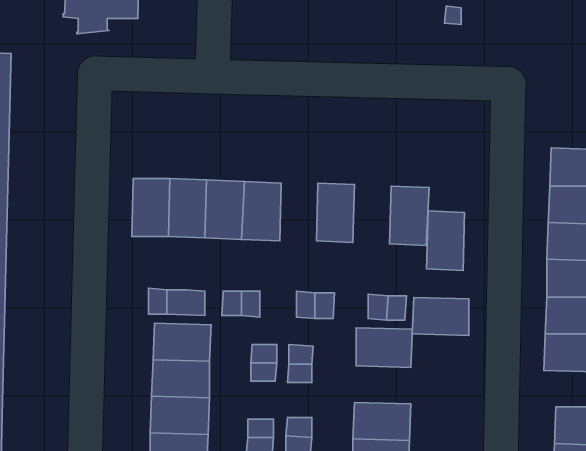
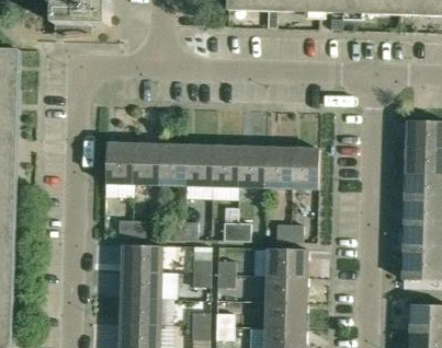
building: none -> [212,144,239,186]
building: [427,211,465,270] -> [264,146,292,188]
building: [412,297,469,335] -> [265,276,306,303]

